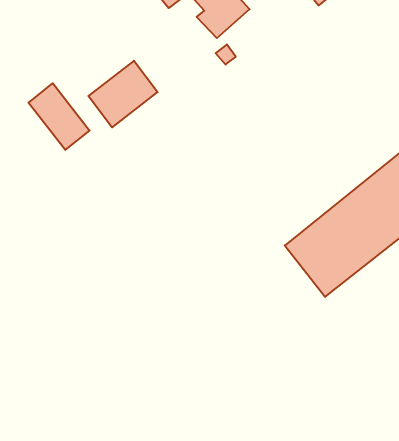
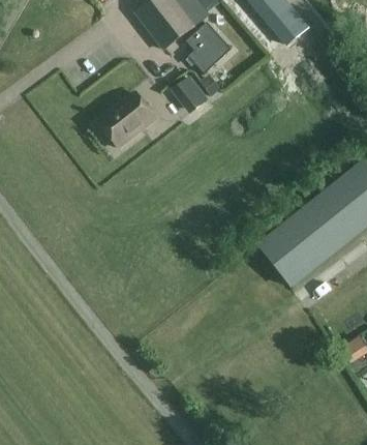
building: none -> [171,73,207,112]
building: [28,83,90,150] -> none

